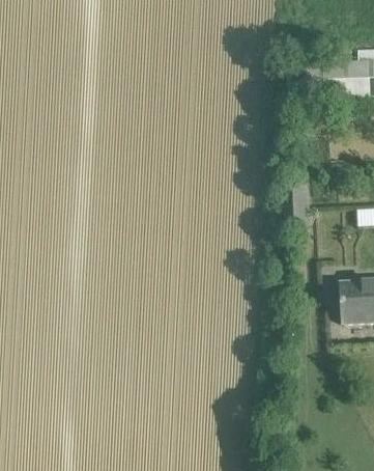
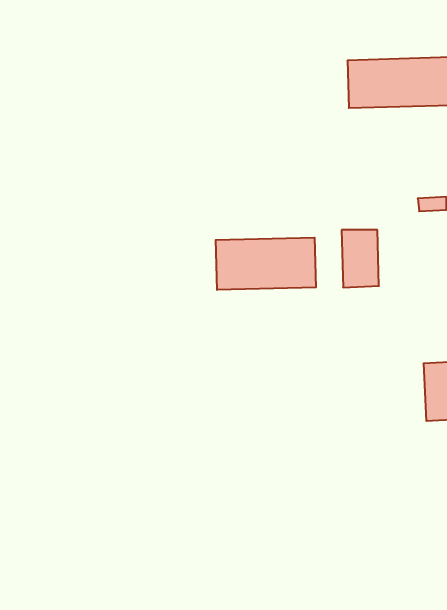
building: none -> [216,238,316,290]

